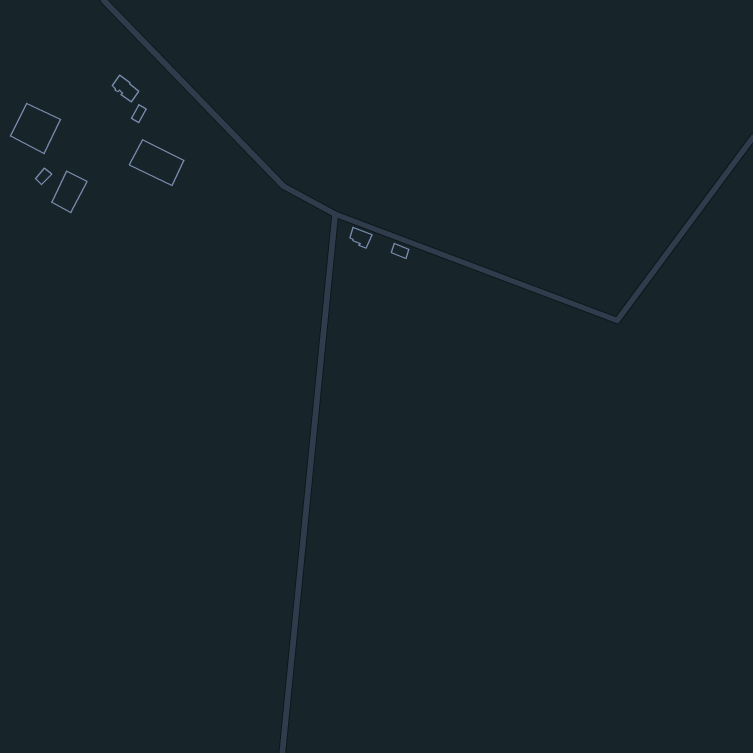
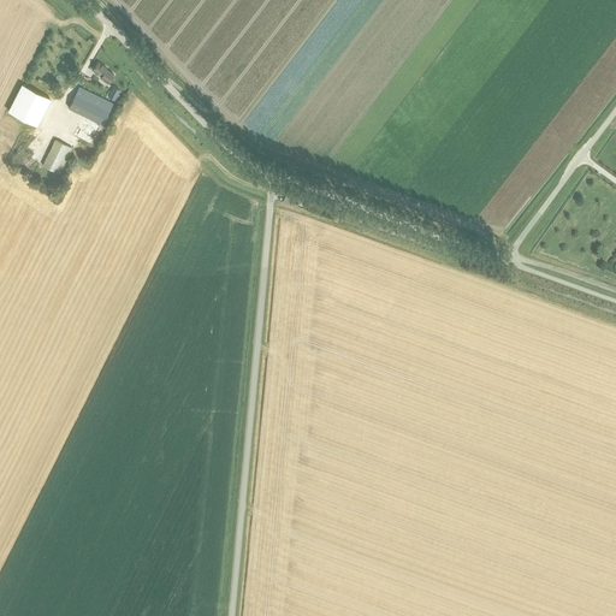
building: [129,140,184,185] -> [67,88,112,125]

